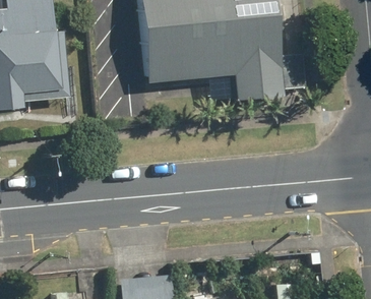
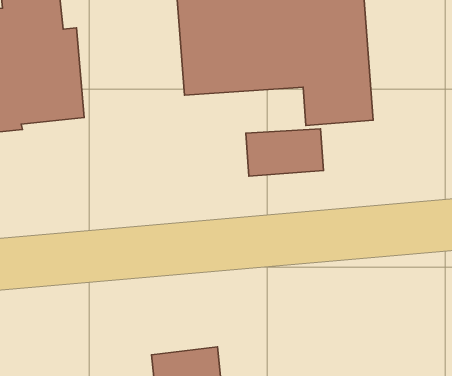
building: none -> [246,129,323,176]

